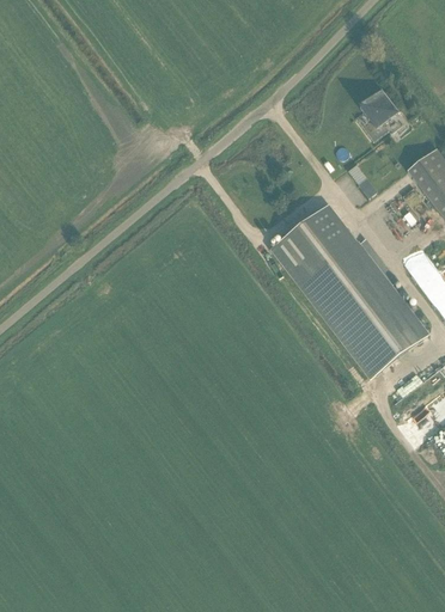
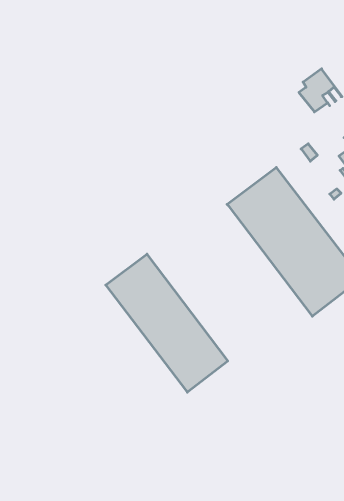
building: none -> [106,254,228,392]

